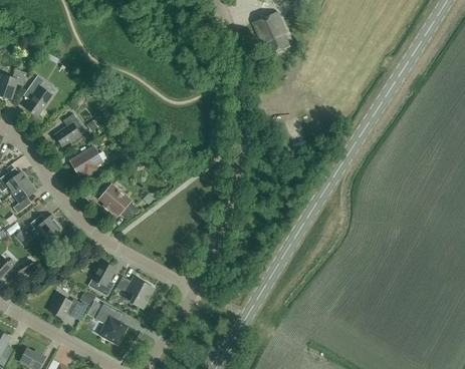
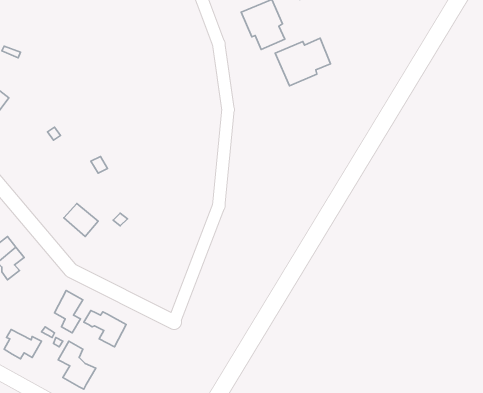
building: none -> [275,38,330,86]
building: [54,113,81,146] -> none
building: [71,147,101,174] -> none

